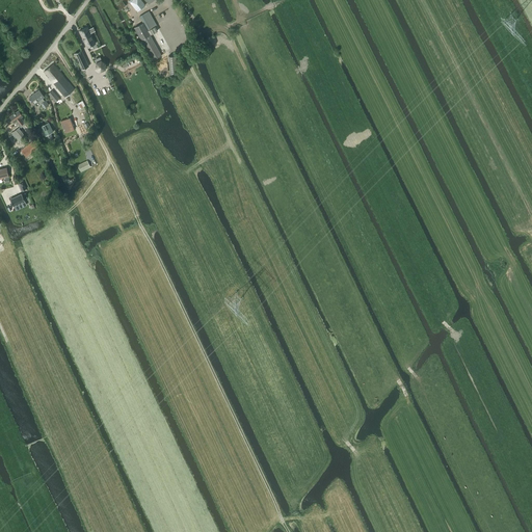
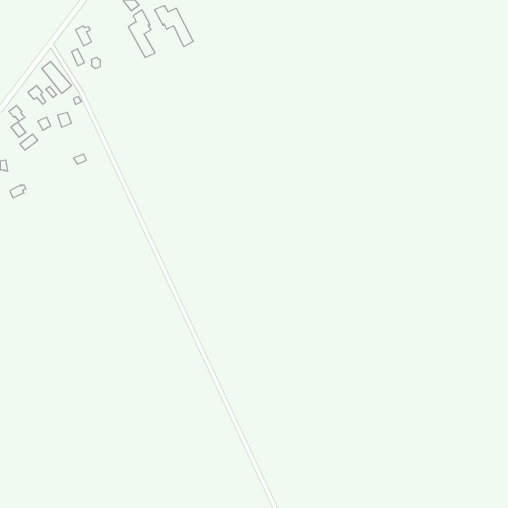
building: none -> [155,6,193,47]

